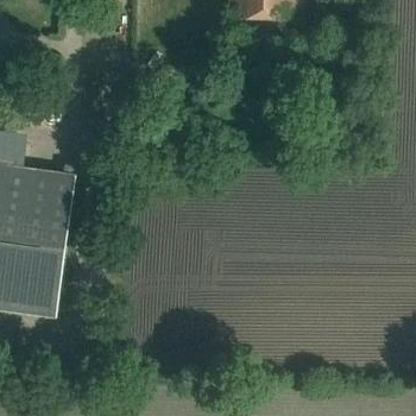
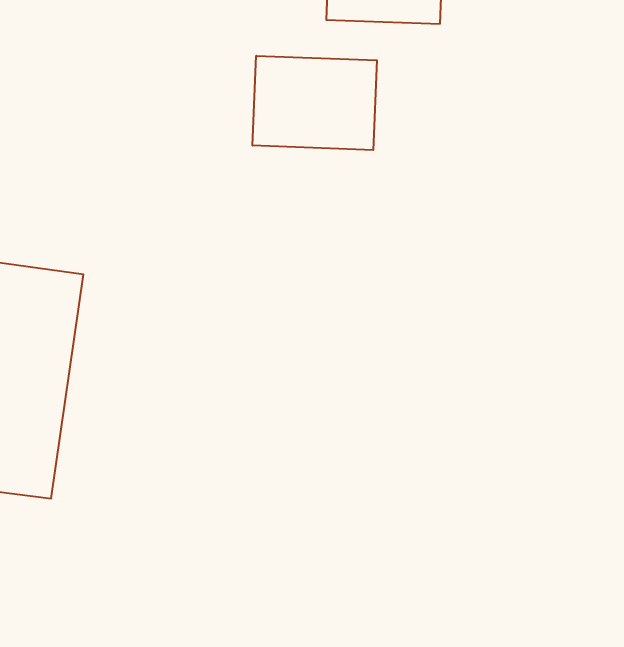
building: none -> [253,56,377,150]

